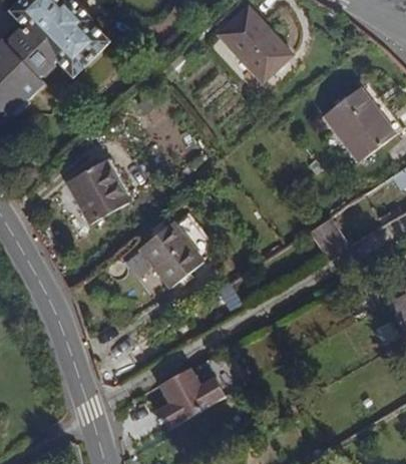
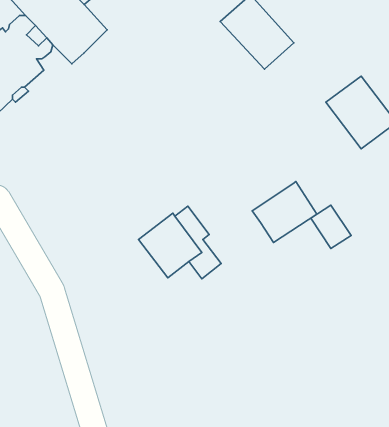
building: [67,158,130,222] -> none
building: none -> [252,182,317,243]
building: [156,365,227,427] -> none

